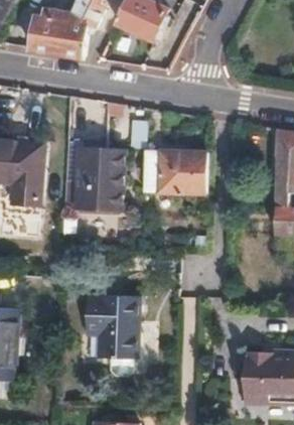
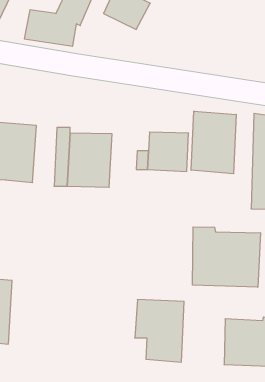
building: none -> [191,111,236,174]
building: none -> [193,227,260,287]
building: [87,291,140,359] -> [135,300,184,362]

